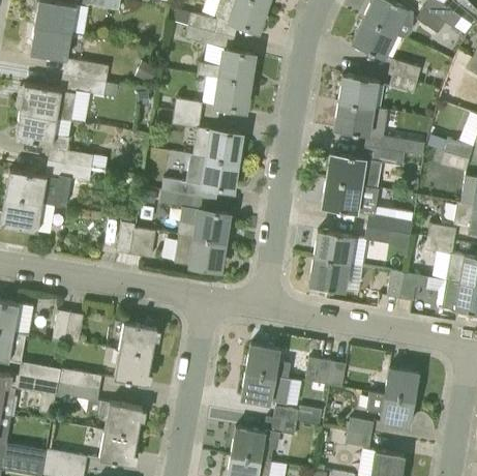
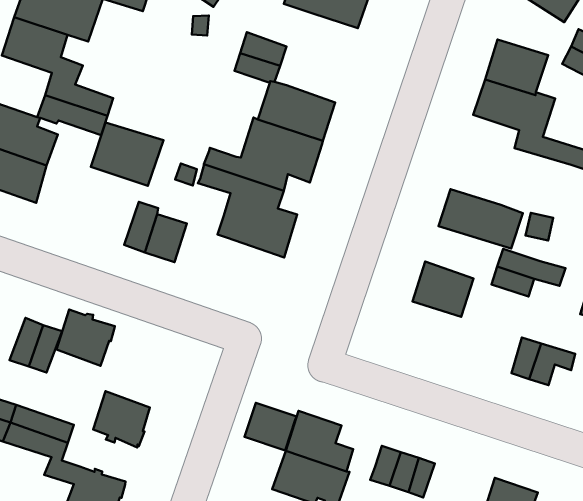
building: [212,79,249,112] -> none
building: [328,147,406,189] -> none
building: none -> [91,123,163,186]
building: [180,237,225,270] -> none
building: [310,260,349,291] -> none
building: [120,324,156,358] -> [57,310,115,366]
building: none -> [244,403,297,451]

